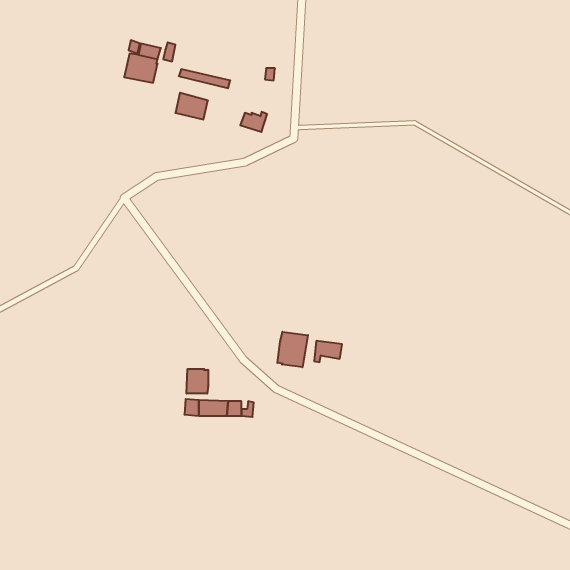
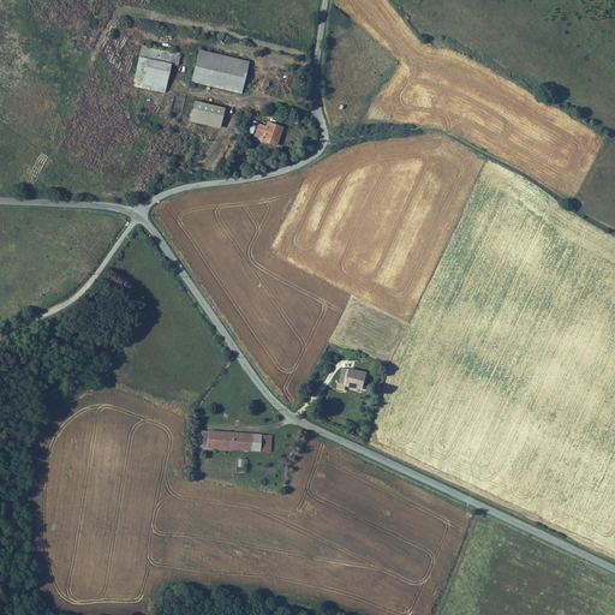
building: none -> [195,56,251,86]
building: [277,332,308,367] -> none
building: [187,369,208,394] -> none

